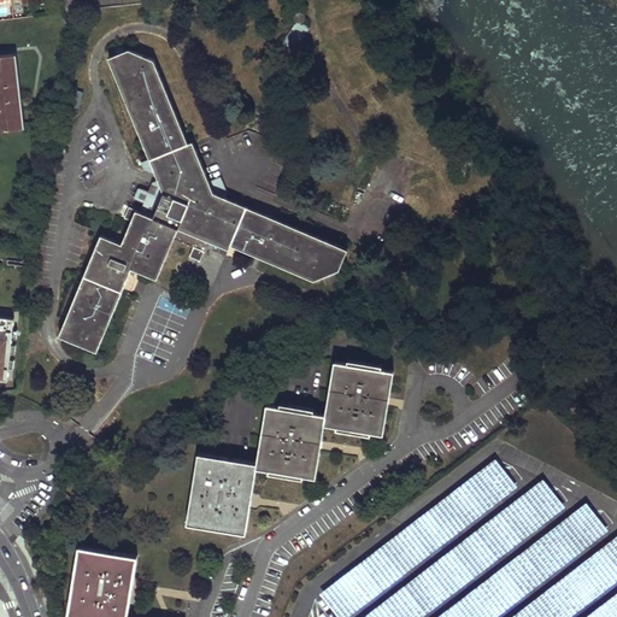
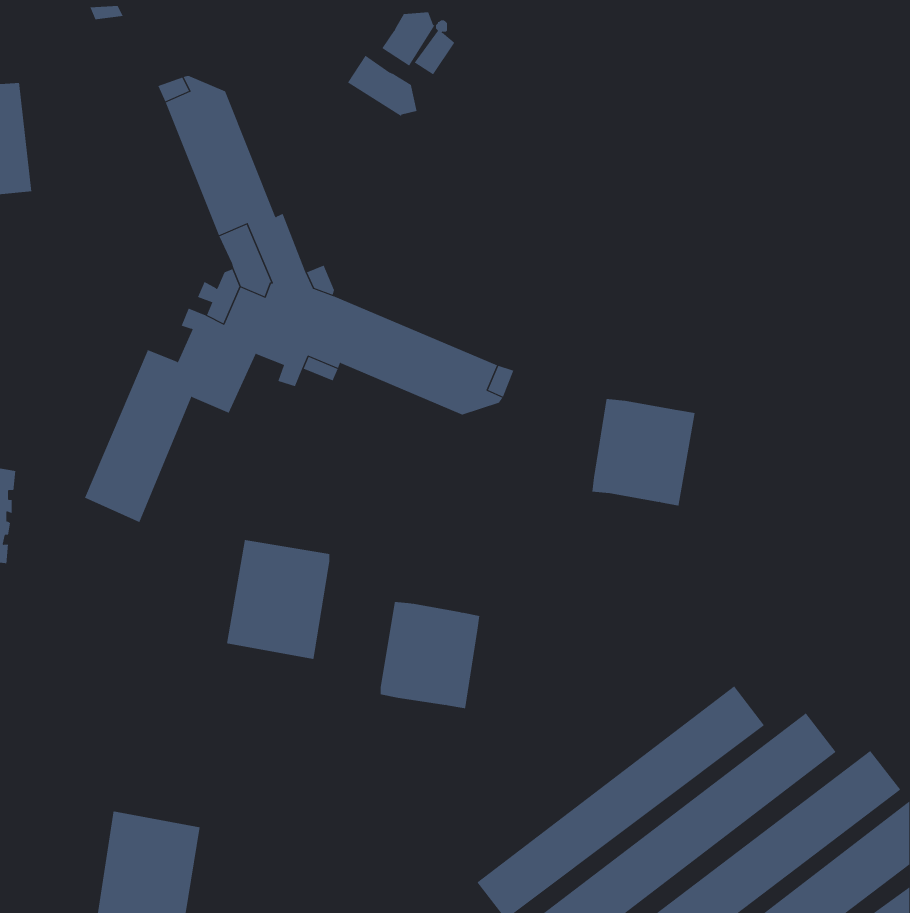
building: none -> [381,11,435,66]
building: none -> [347,55,417,117]
building: [322,363,392,435] -> [591,399,695,506]
building: [186,454,255,535] -> [226,540,330,659]

